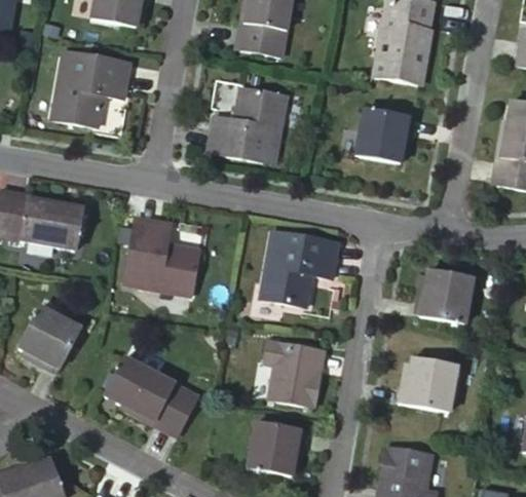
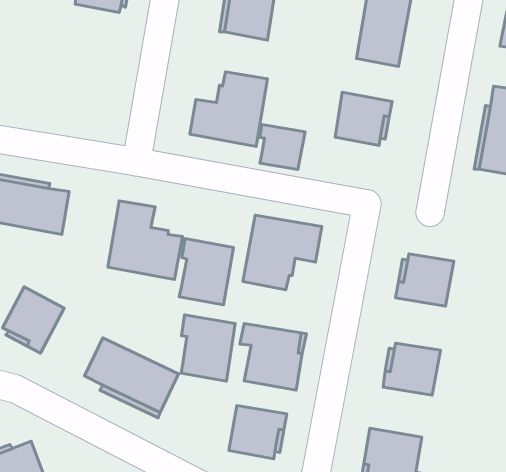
building: [49,58,128,132] -> none
building: none -> [260,124,305,169]
building: none -> [179,238,234,305]
building: none -> [181,315,235,381]

